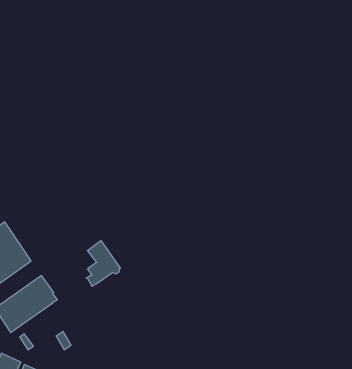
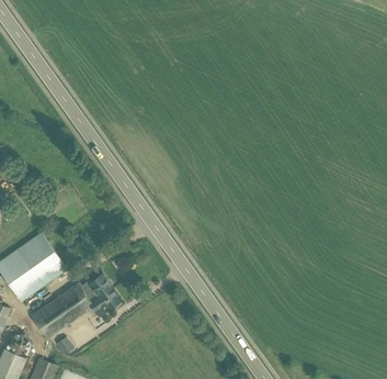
building: [86,241,120,286] -> [87,274,119,317]

